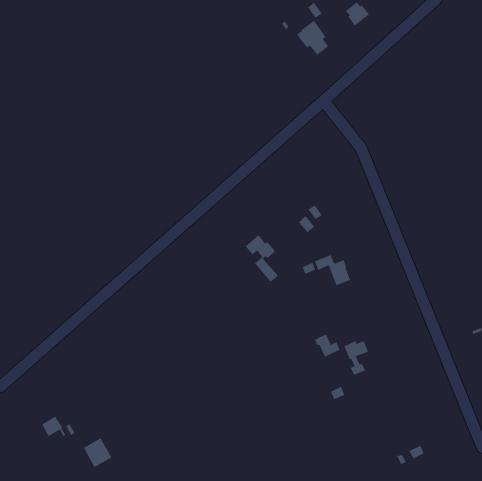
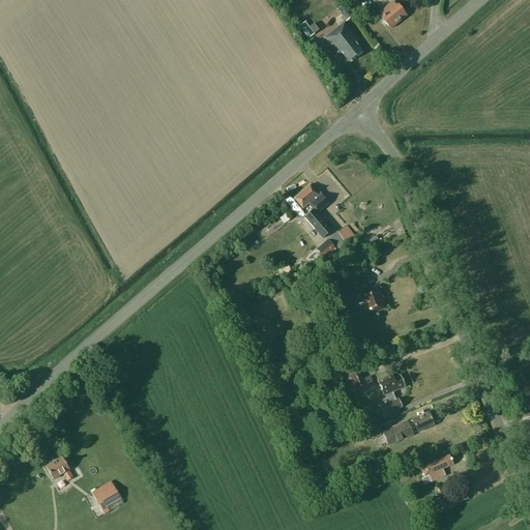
building: [245,234,279,282] -> [294,184,331,237]
building: none -> [382,412,434,445]
building: none -> [420,455,452,481]

